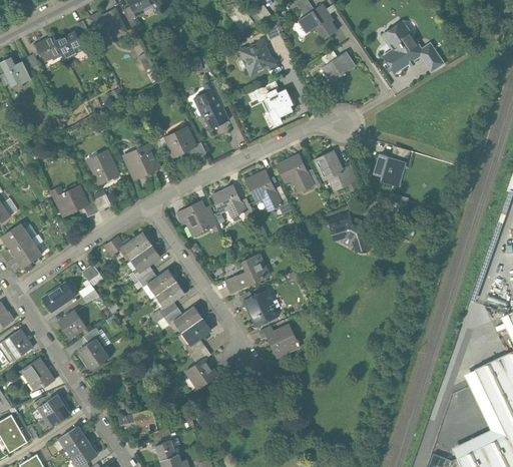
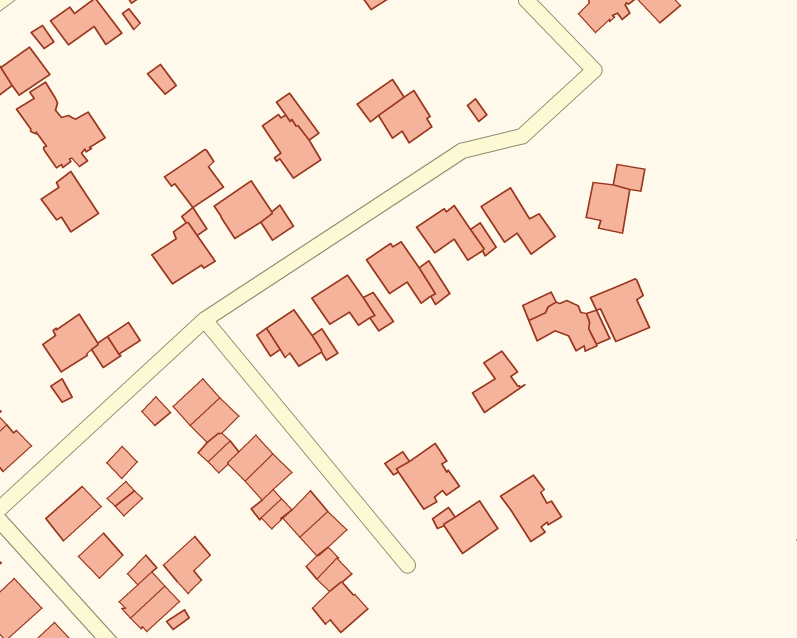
building: [240,39,277,75] -> none
building: [326,53,356,81] -> none
building: none -> [16,82,105,168]
building: none -> [164,150,223,208]
building: [88,150,119,184] -> [41,171,98,232]
building: none -> [591,279,649,342]
building: [236,256,267,289] -> [472,351,525,413]
building: none -> [501,475,562,542]
building: none -> [164,537,210,594]

